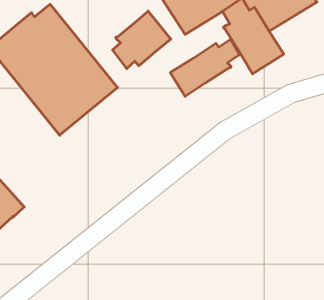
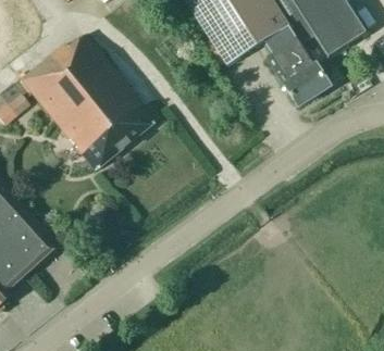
building: [113,11,171,69] -> none
building: [170,39,239,96] -> none

